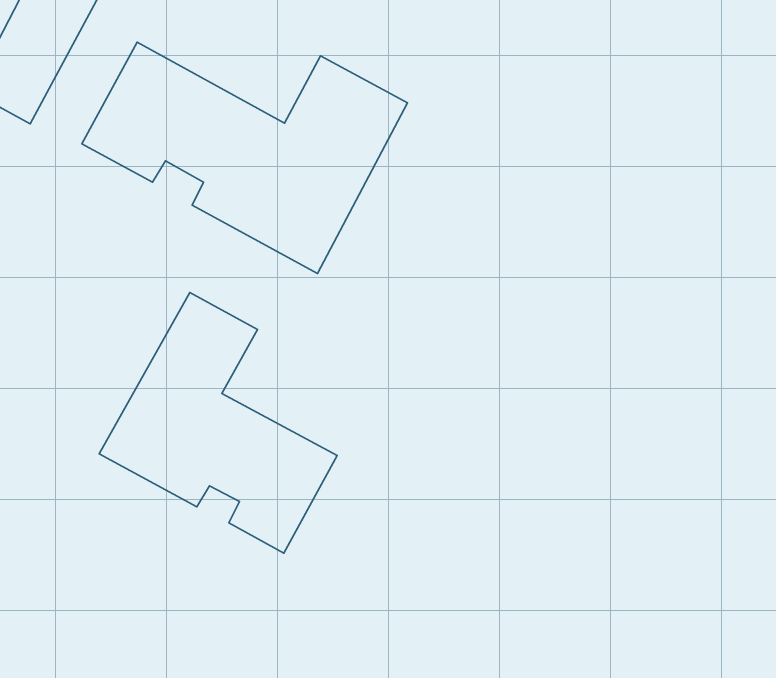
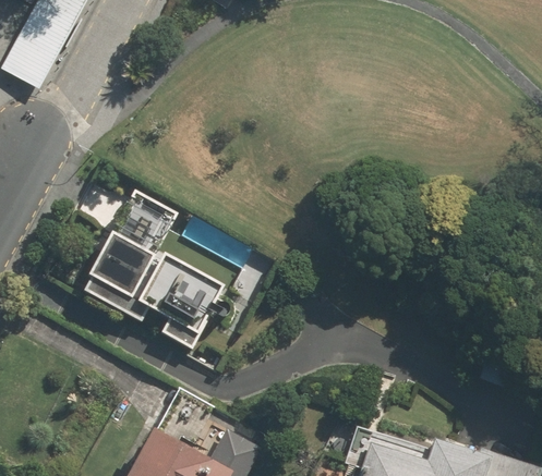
building: [82,42,407,273] -> none

